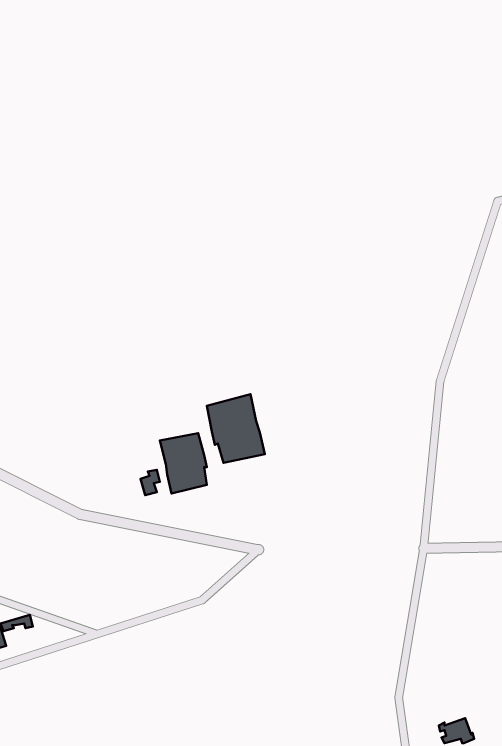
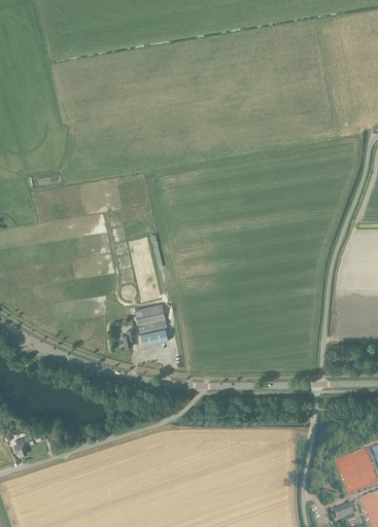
building: [207,394,265,463] -> none

